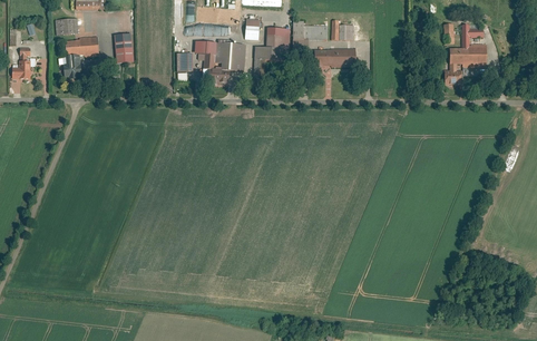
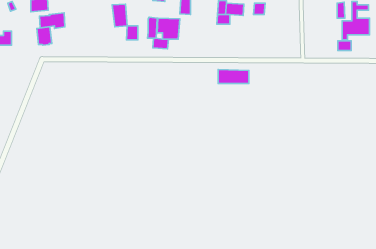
building: [258,28,290,60] -> none
building: [115,33,134,62] -> [112,4,127,27]
building: [315,48,354,66] -> [218,70,249,84]

